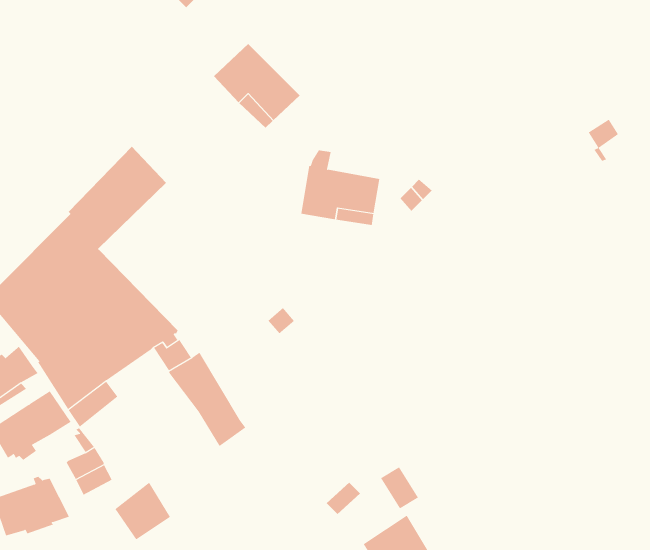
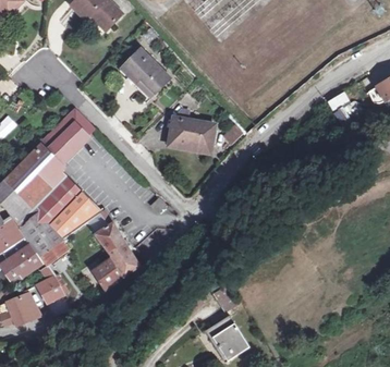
building: [115,482,171,540] -> [93,256,124,289]

